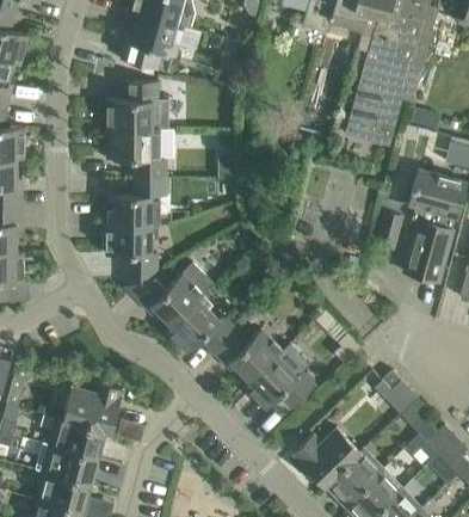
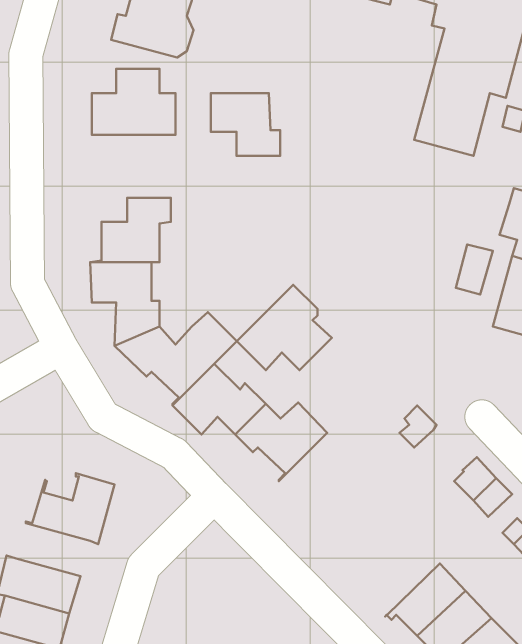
building: [113,130,165,177] -> [211,93,280,156]
building: [245,345,315,408] -> [237,285,332,370]
building: [50,418,105,457] -> none
building: [292,432,364,487] -> none

